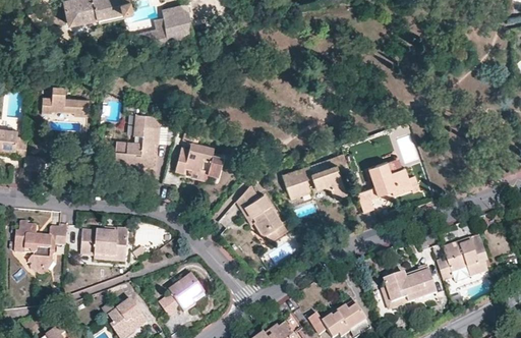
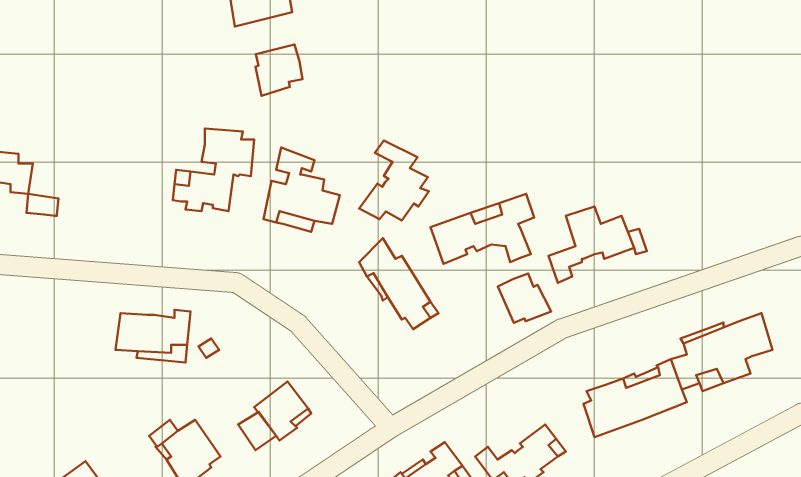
building: none -> [256,44,303,96]
building: [42,83,90,114] -> none
building: none -> [359,140,429,221]
building: none -> [498,274,551,323]
building: [13,218,67,271] -> none

